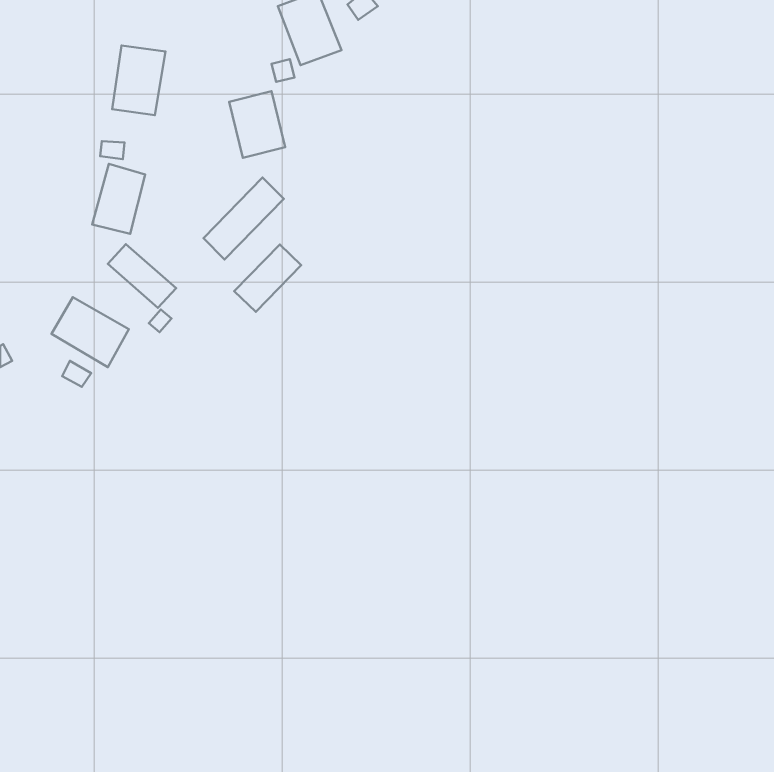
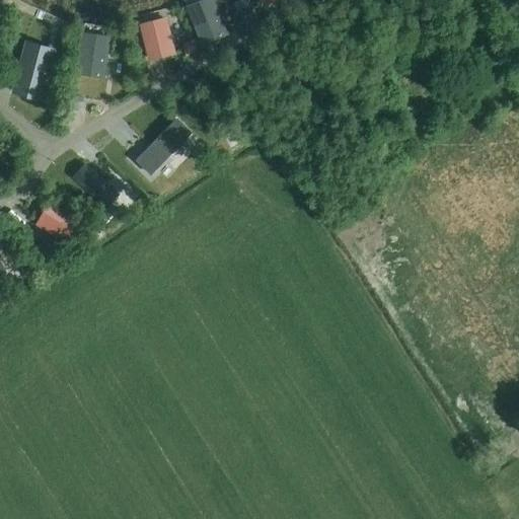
building: [229,91,285,158] -> [139,15,176,60]
building: [92,164,145,234] -> [15,51,51,97]
building: [234,244,301,312] -> none

